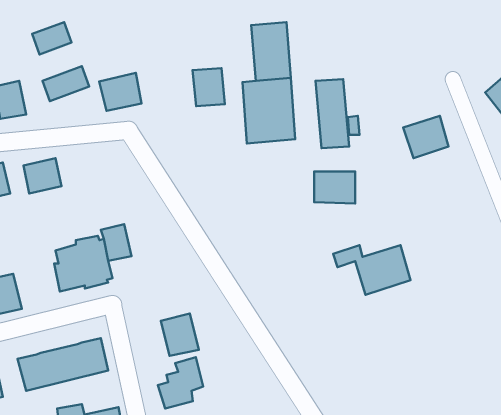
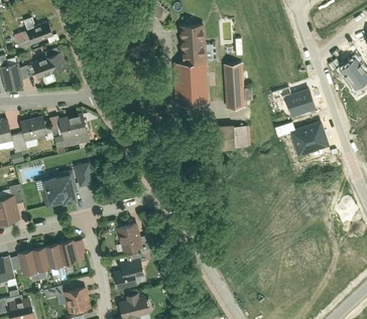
building: [193,68,225,106] -> none
building: [99,73,142,111] -> [58,113,88,139]
building: [333,245,411,295] -> [274,122,328,156]

